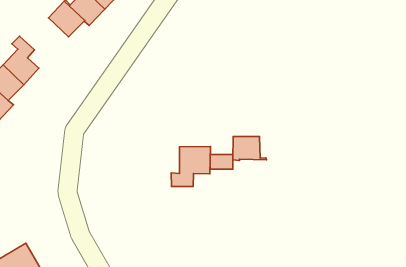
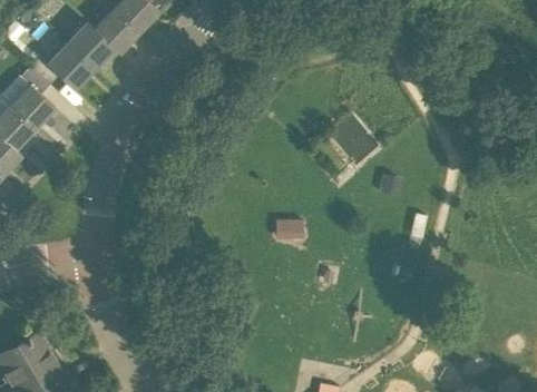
building: none -> [30,42,92,88]
building: [233,137,267,160] -> none
building: [171,146,210,187] -> none

